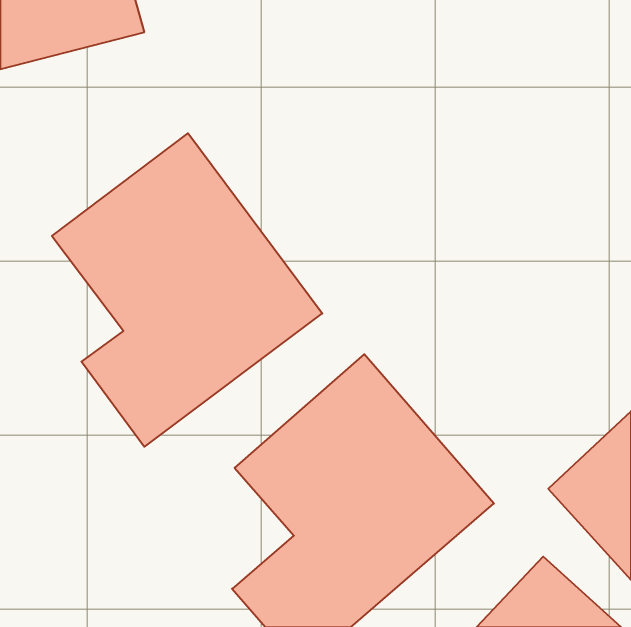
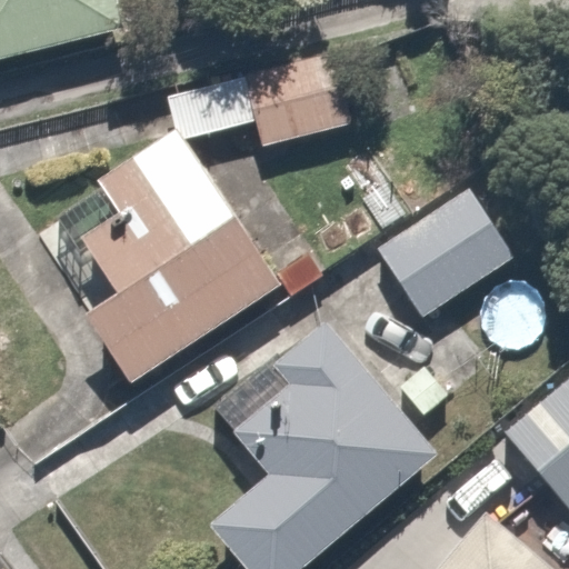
building: none -> [179,48,337,143]
building: none -> [370,178,516,318]

